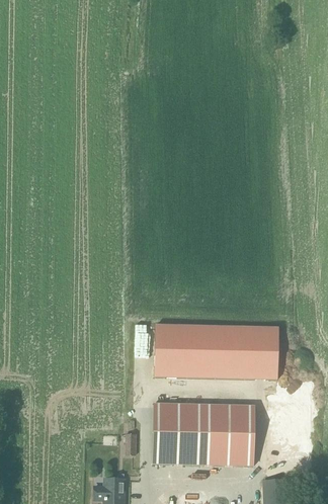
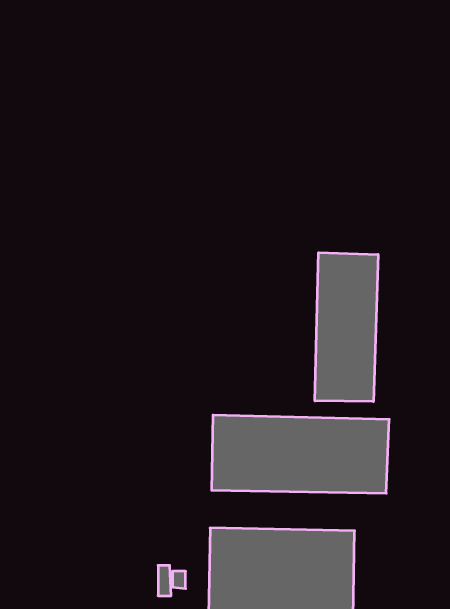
building: none -> [315,253,378,402]

